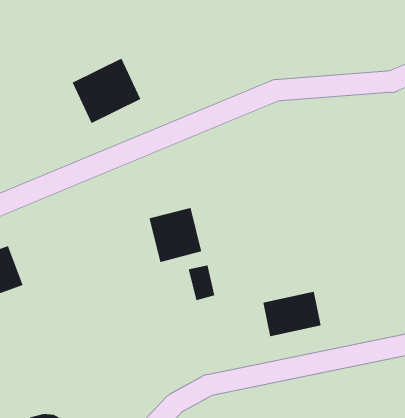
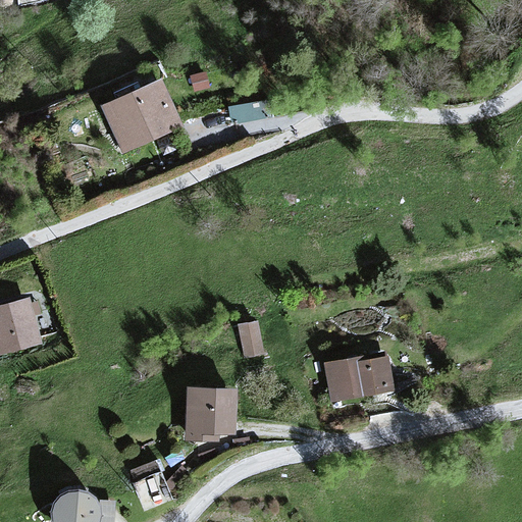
building: [149,207,202,263] -> none
building: none -> [181,387,236,436]

